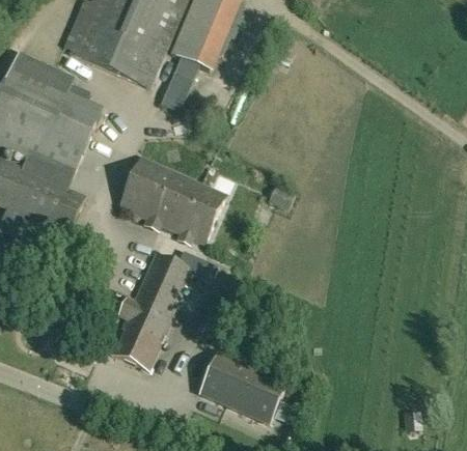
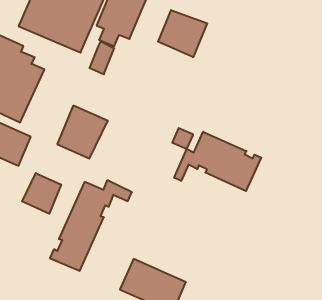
building: none -> [158,10,207,57]
building: [160,175,226,244] -> none
building: none -> [174,132,261,191]
building: none -> [22,173,61,214]

